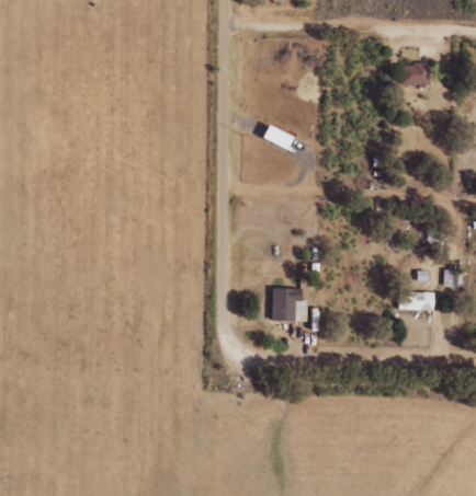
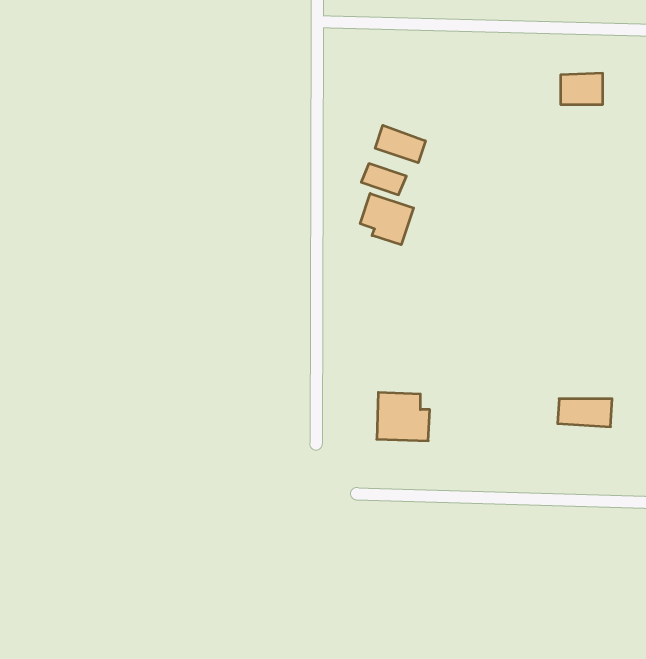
building: none -> [375,125,425,163]
building: none -> [360,193,414,245]

